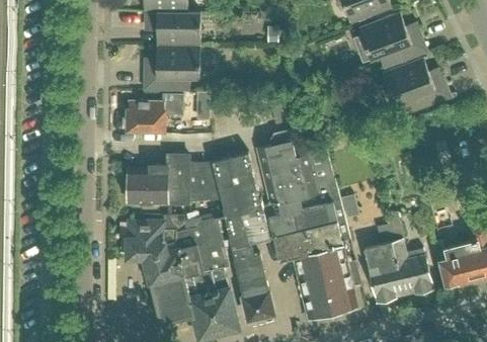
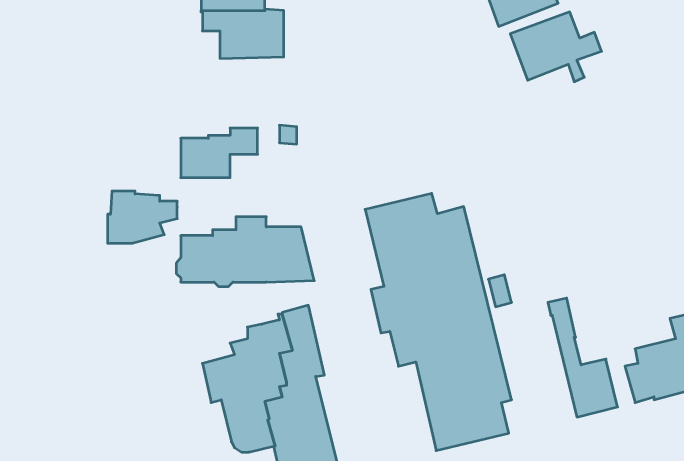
building: [144,46,200,92] -> none
building: [382,60,451,117] -> none
building: [213,155,274,322] -> none
building: [127,223,175,259] -> [108,191,177,243]
building: [364,226,405,303] -> none

